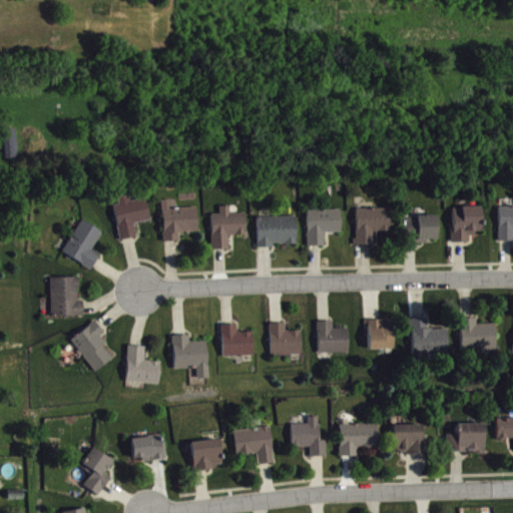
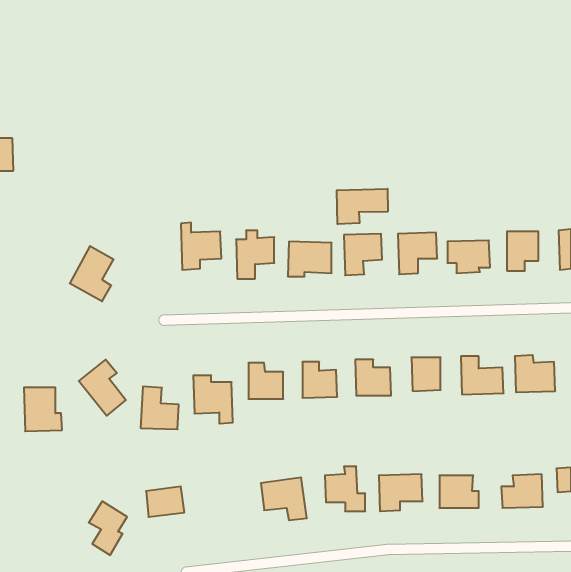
building: none -> [337,189,388,224]
building: [112,192,149,239] -> none
building: [49,277,83,316] -> [24,387,62,431]
building: [189,439,221,470] -> none

